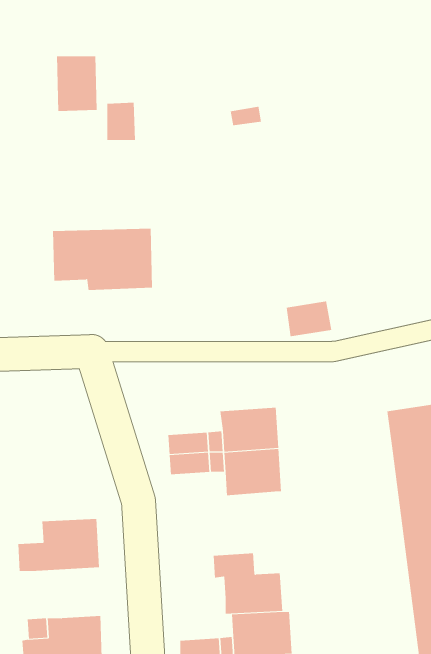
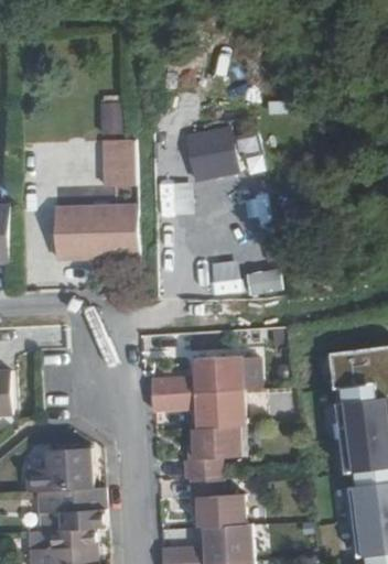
building: [56,56,97,111] -> [101,140,136,186]
building: none -> [186,126,239,178]
building: none -> [186,425,241,478]
building: none -> [36,487,106,530]

